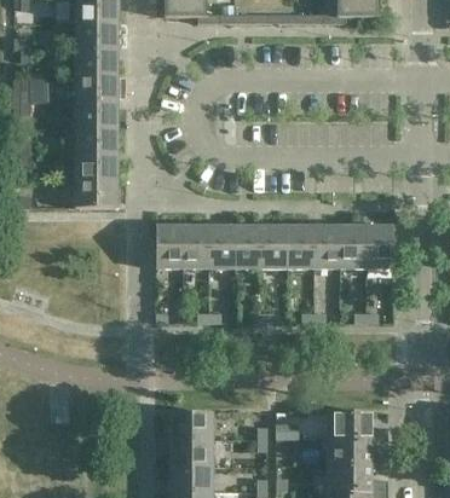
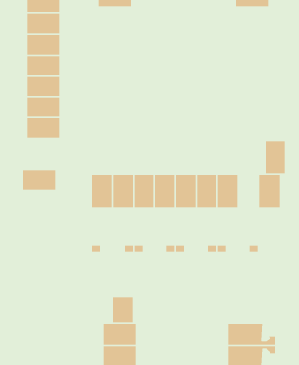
building: [75,180,117,207] -> [22,169,56,191]
building: [340,225,365,267] -> [265,140,286,174]
building: none -> [112,296,134,323]

